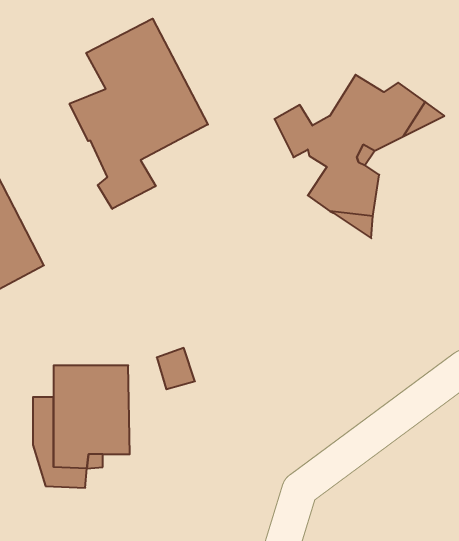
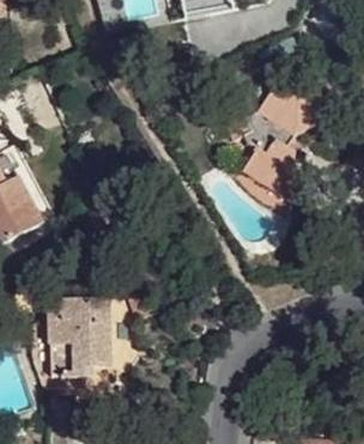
building: [70,19,208,209] -> none

